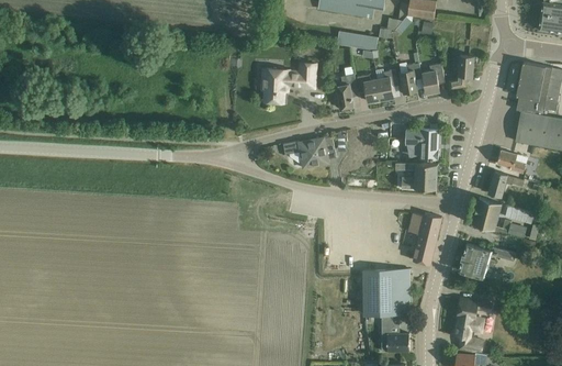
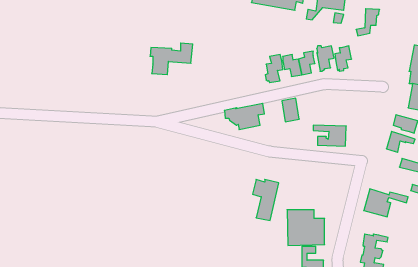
building: [336,29,375,56] -> none
building: [447,55,476,89] -> [356,9,380,36]
building: [261,63,315,102] -> [150,43,193,75]
building: [405,129,438,159] -> none
building: [472,197,522,235] -> none
building: [408,212,441,264] -> [253,179,279,220]

